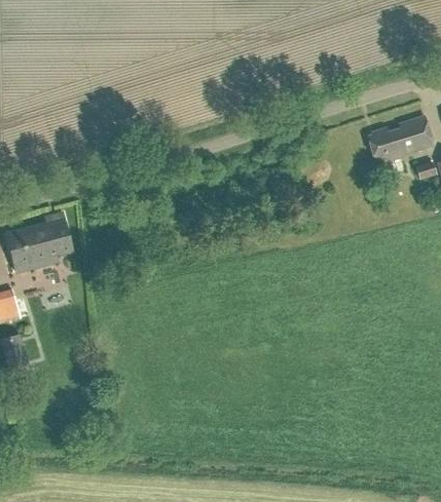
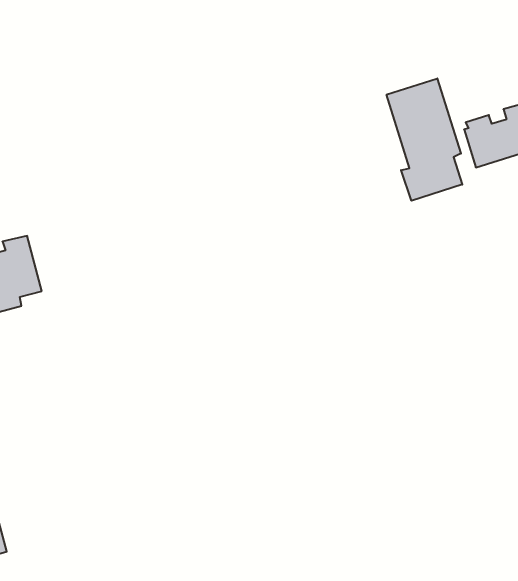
building: none -> [387,78,462,201]

